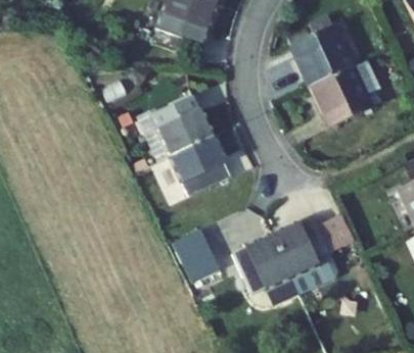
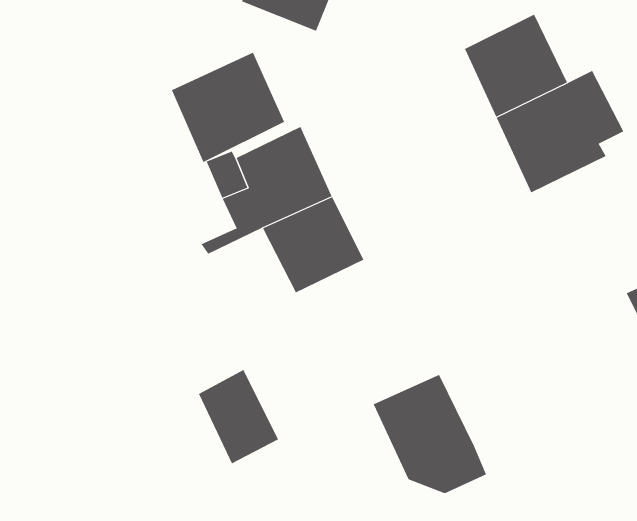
building: none -> [171,52,285,163]
building: [274,218,333,296] -> none
building: [175,228,222,283] -> [198,369,279,464]

